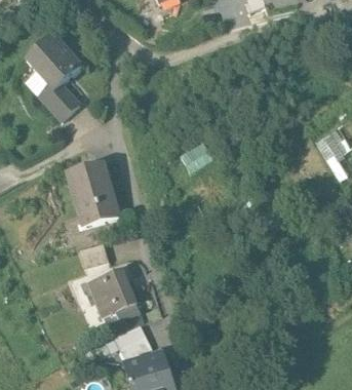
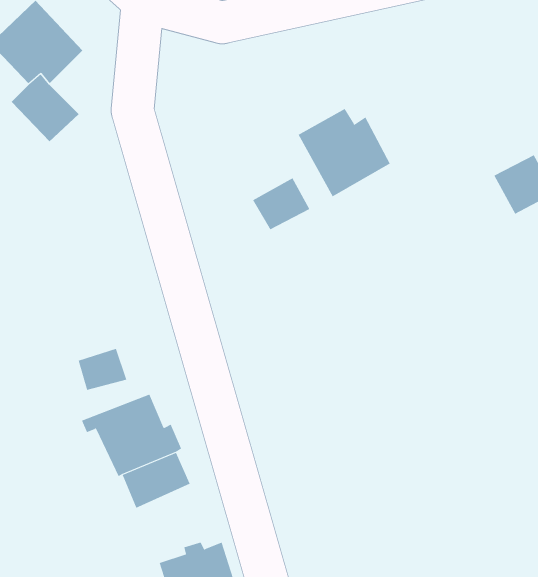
building: none -> [298,108,391,197]
building: [69,160,118,224] -> none
building: [115,322,152,358] -> none

